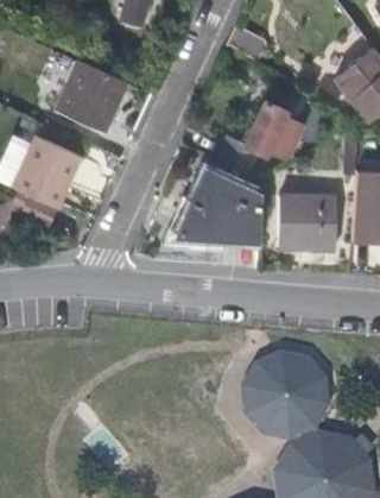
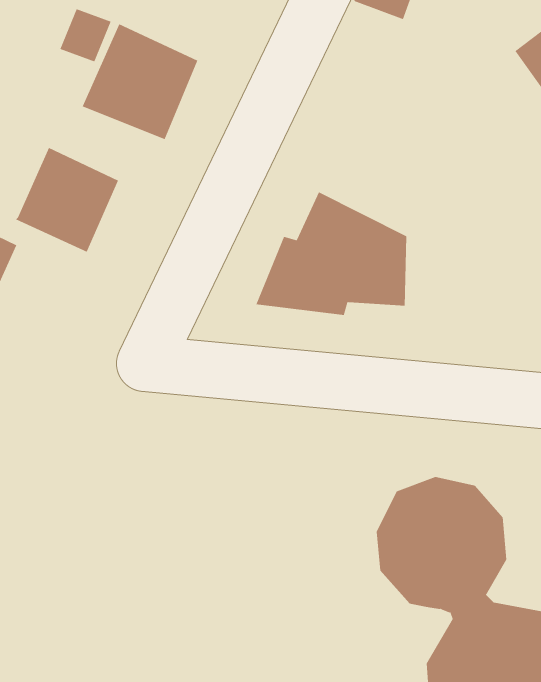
building: [249,99,309,155] -> none
building: [280,195,337,246] -> none

